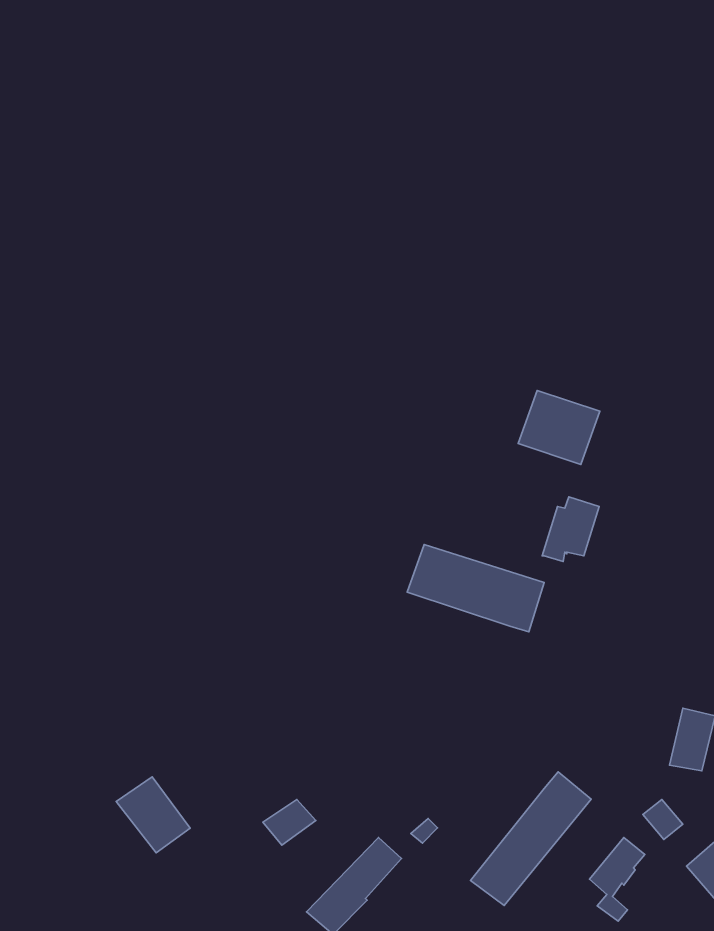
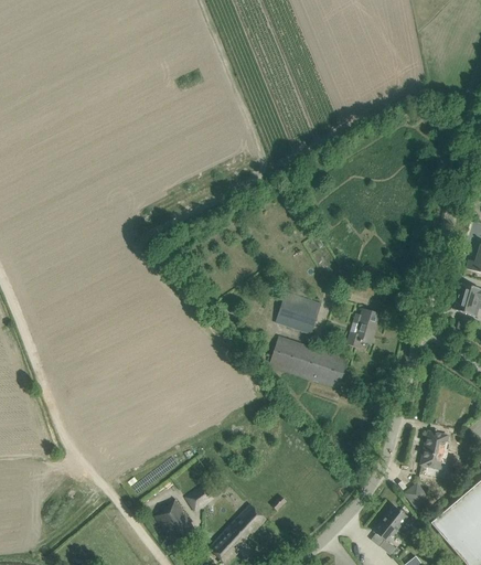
building: [518,390,600,465] -> [275,291,322,334]
building: [471,772,591,905] -> none
building: [116,777,190,853] -> [156,502,199,546]

